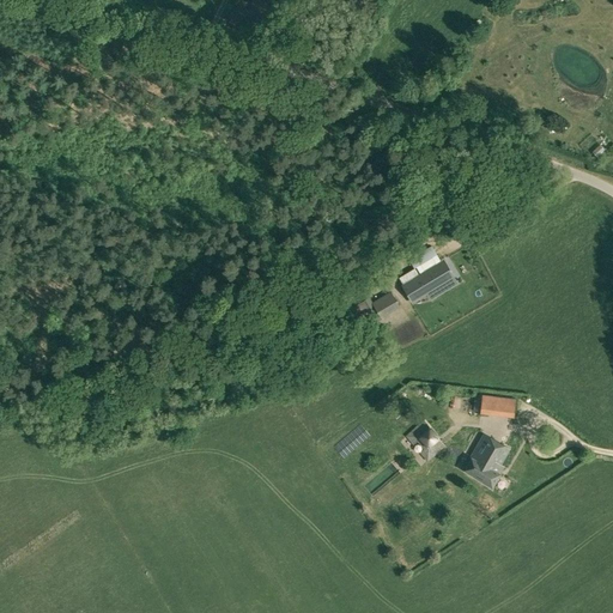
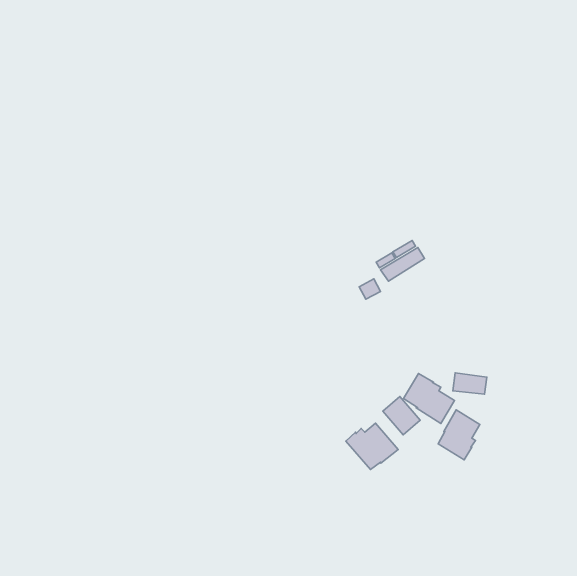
building: none -> [403,373,455,424]
building: none -> [346,423,398,470]

